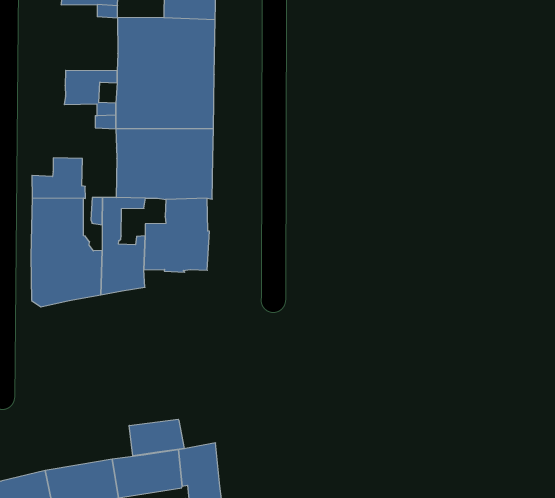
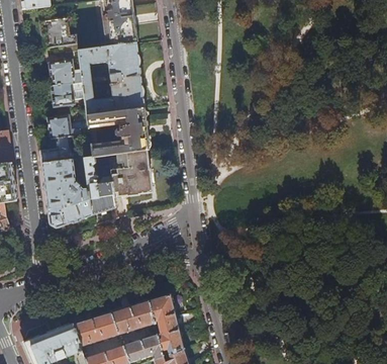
building: none -> [49,61,81,86]
building: none -> [47,116,88,139]
building: [129,419,184,456] -> none

